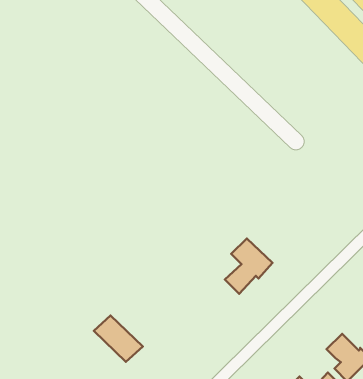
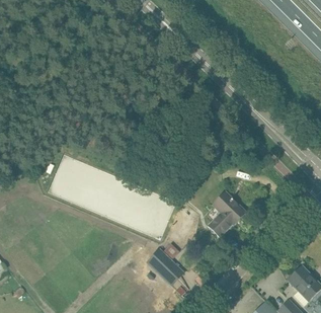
building: [94,315,143,362] -> [146,249,184,286]

